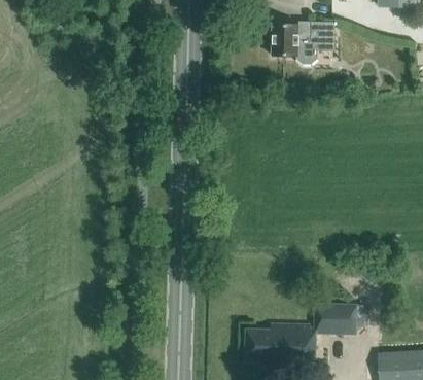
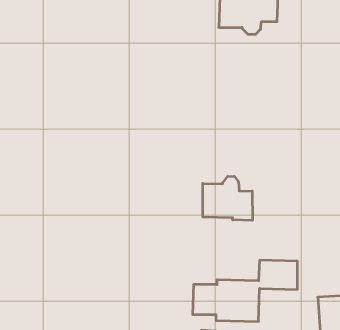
building: none -> [203,176,252,220]

